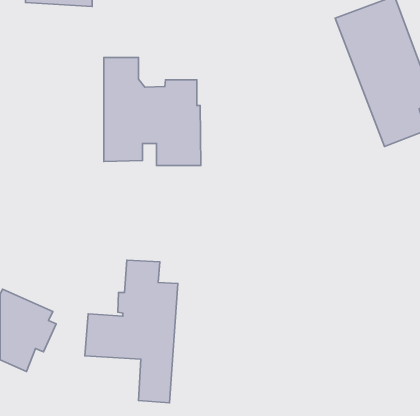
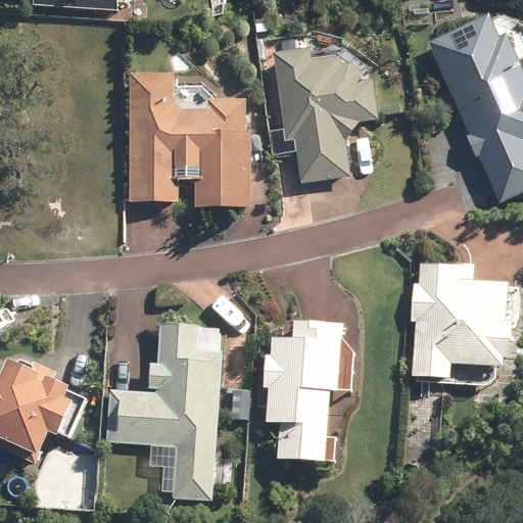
building: none -> [275,50,378,181]
building: none -> [413,262,508,377]
building: none -> [266,321,340,464]

